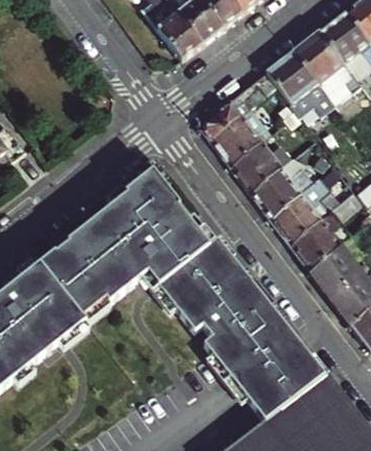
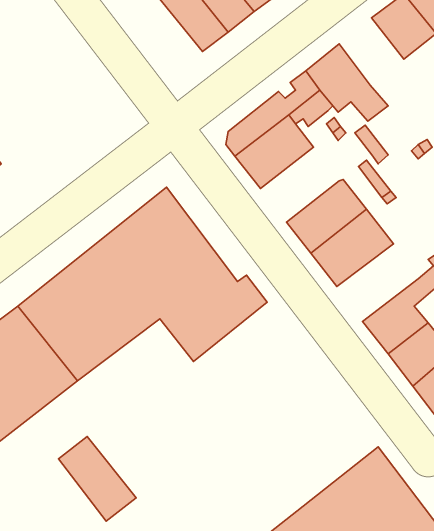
building: [293,32,362,95] -> none
building: [230,135,293,194] -> none
building: [291,197,363,273] -> none
building: [177,258,324,420] -> none
building: none -> [59,436,136,521]

